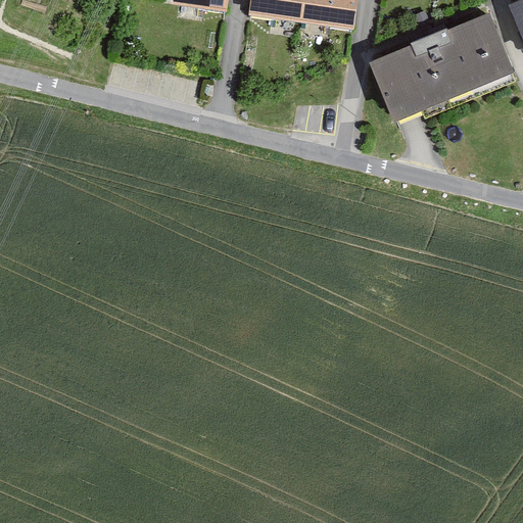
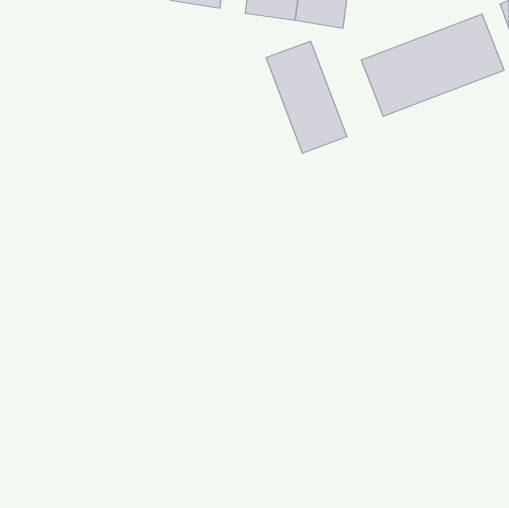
building: none -> [266,41,347,153]

